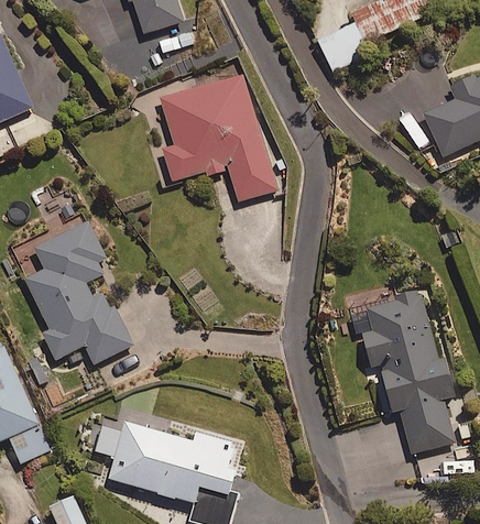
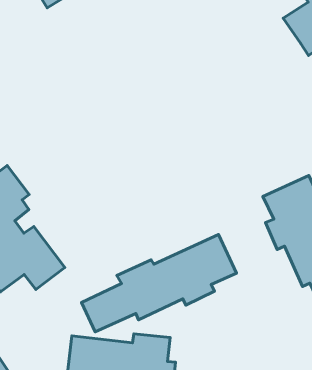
building: [161,74,277,201] -> none
building: none -> [81,234,237,332]

